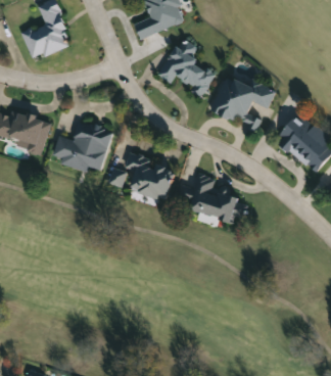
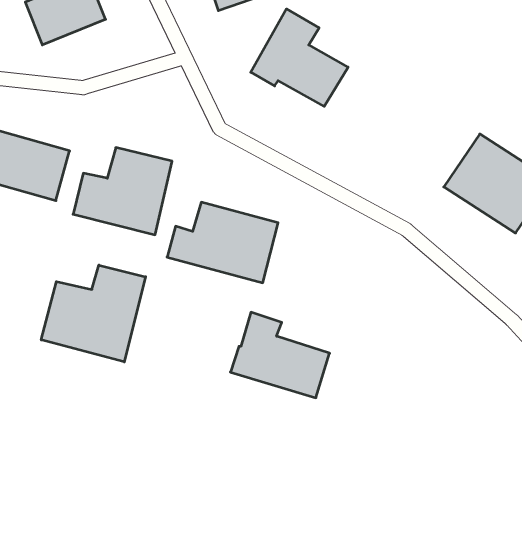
building: [210,71,275,131] -> none
building: [186,175,245,226] -> [230,312,330,398]
building: none -> [41,265,146,362]

